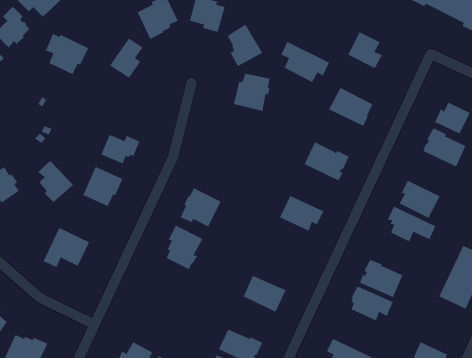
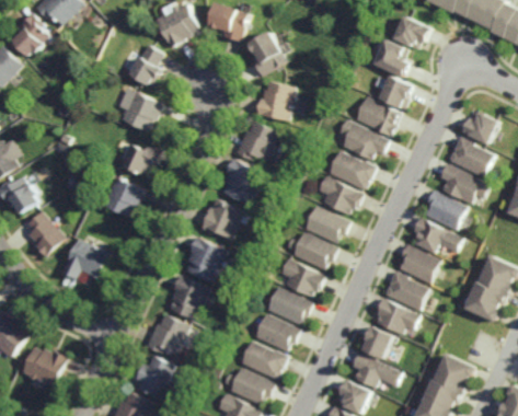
building: none -> [393,14,429,48]
building: [45,33,89,75] -> [117,88,162,130]
building: [281,41,330,83] -> [336,117,387,160]
building: none -> [378,73,412,107]
building: none -> [234,119,277,160]
building: none -> [221,158,258,204]
building: none -> [439,162,490,203]
building: [37,160,74,203] -> [26,211,64,255]
building: none -> [316,175,360,213]
building: none -> [285,231,337,269]
building: none -> [399,243,441,282]
building: none -> [278,258,322,297]
building: none -> [168,276,208,320]
building: none -> [253,313,298,351]
building: none -> [145,314,189,354]
building: none -> [358,324,392,359]

